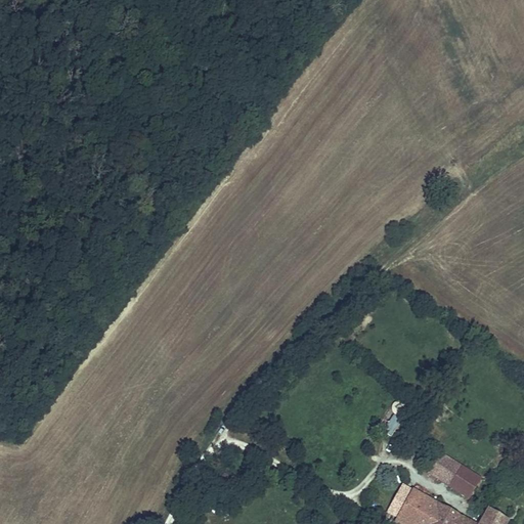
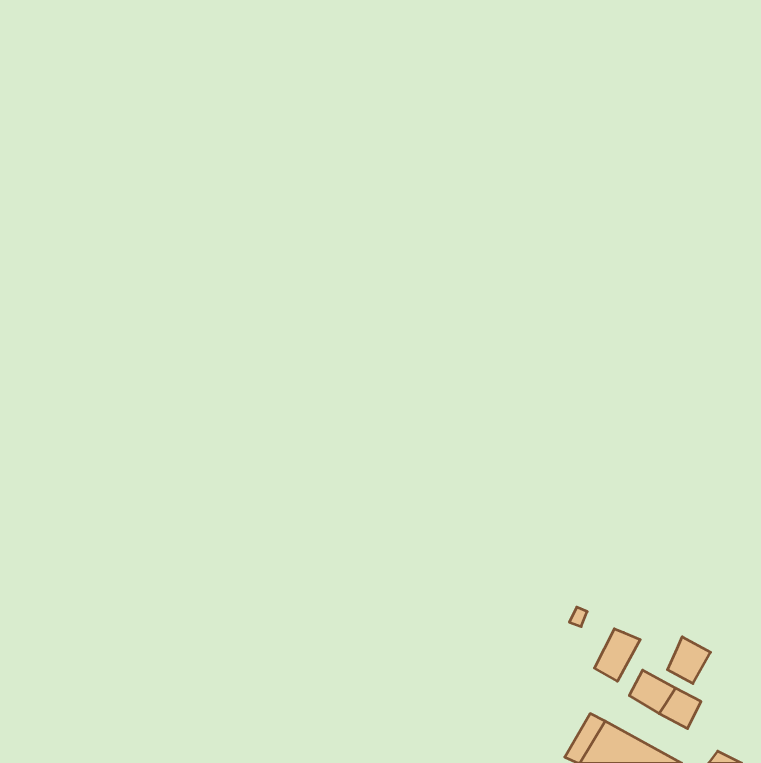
building: none -> [594,629,640,681]
building: none -> [667,637,711,684]

